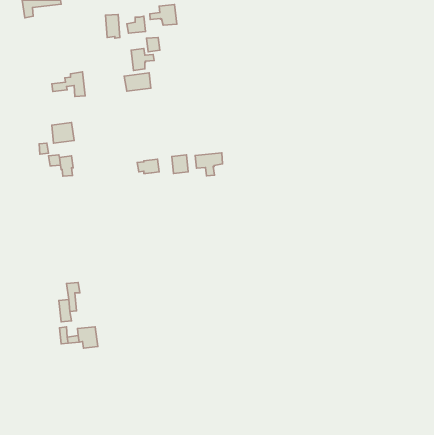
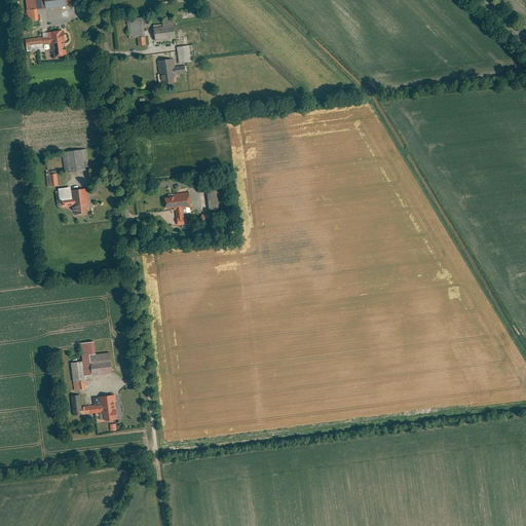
building: [150,5,177,25] -> none
building: [52,72,85,97] -> [26,27,66,57]
building: [124,73,151,91] -> none
building: [195,153,223,176] -> none
building: none -> [90,351,112,375]

